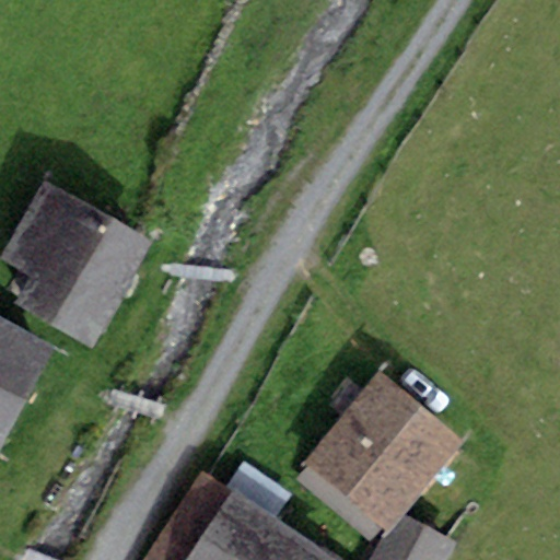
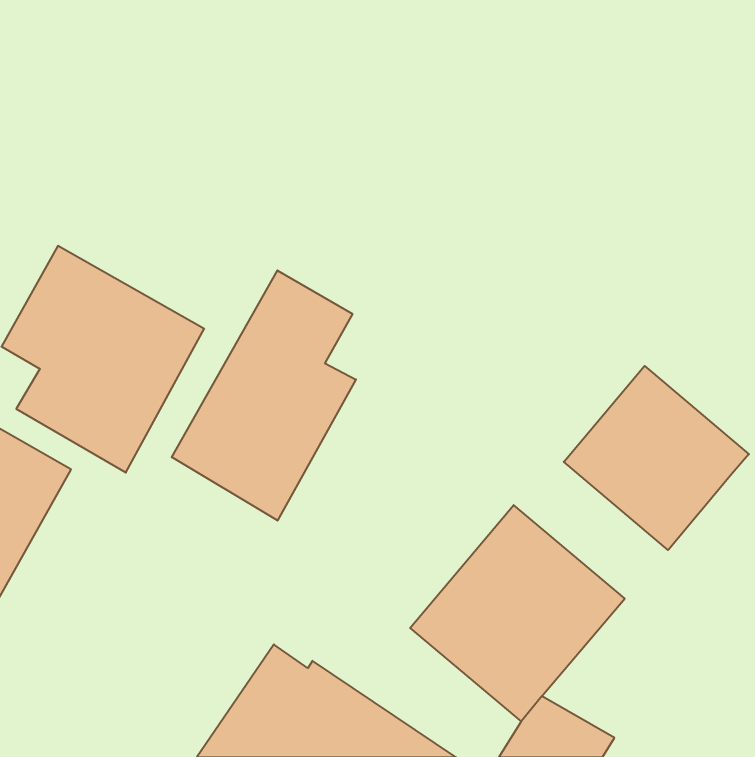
building: none -> [172,270,356,521]
building: none -> [564,366,749,550]

